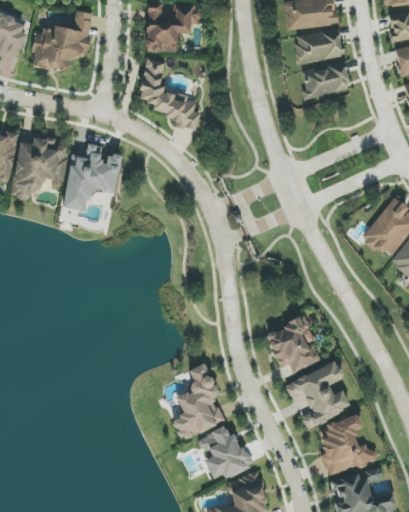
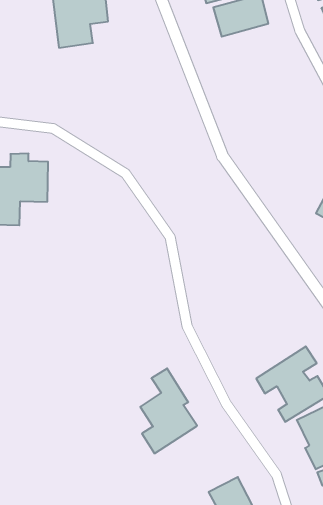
building: [139,59,200,131] -> none
building: [302,61,351,100] -> none
building: [265,316,321,373] -> none
building: [198,427,250,479] -> none

